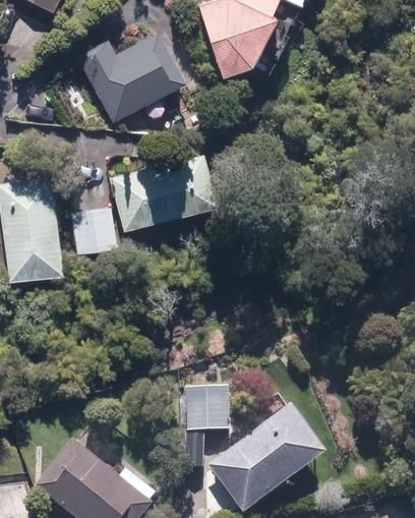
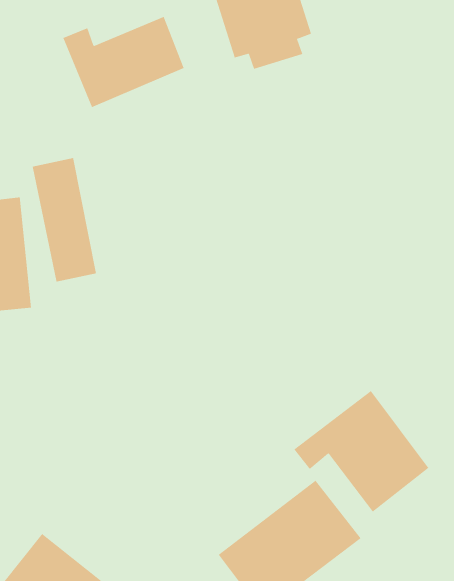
building: [111,153,216,226] -> none
building: none -> [293,390,429,513]
building: [185,385,227,433] -> none

